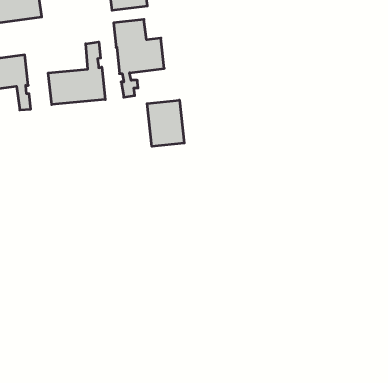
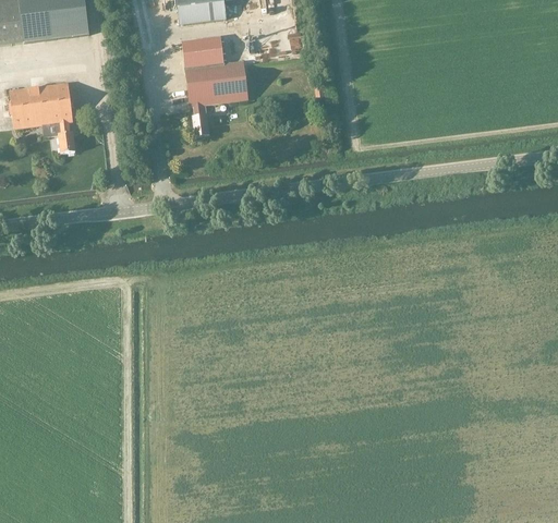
building: [48,42,105,105] -> none
building: [147,100,184,146] -> none

